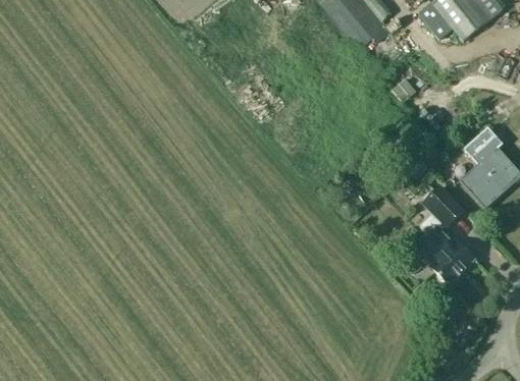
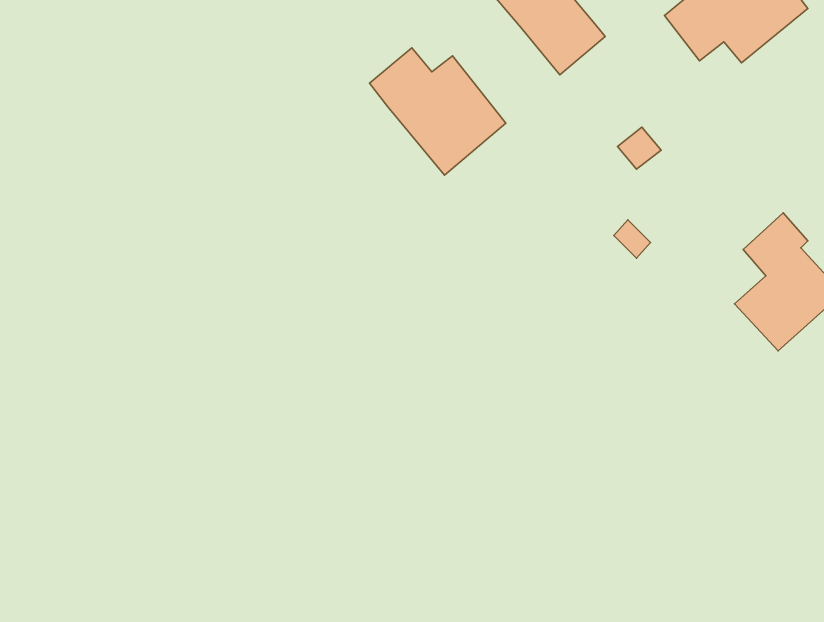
building: none -> [370,48,506,175]
building: [416,184,473,284] -> none

